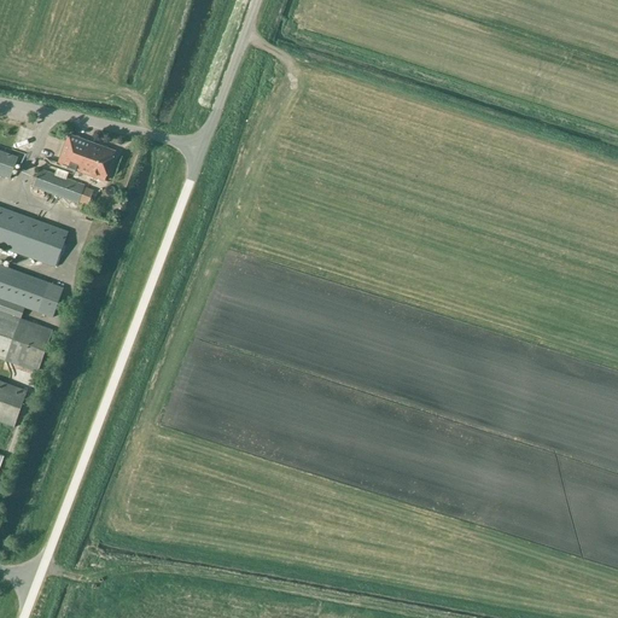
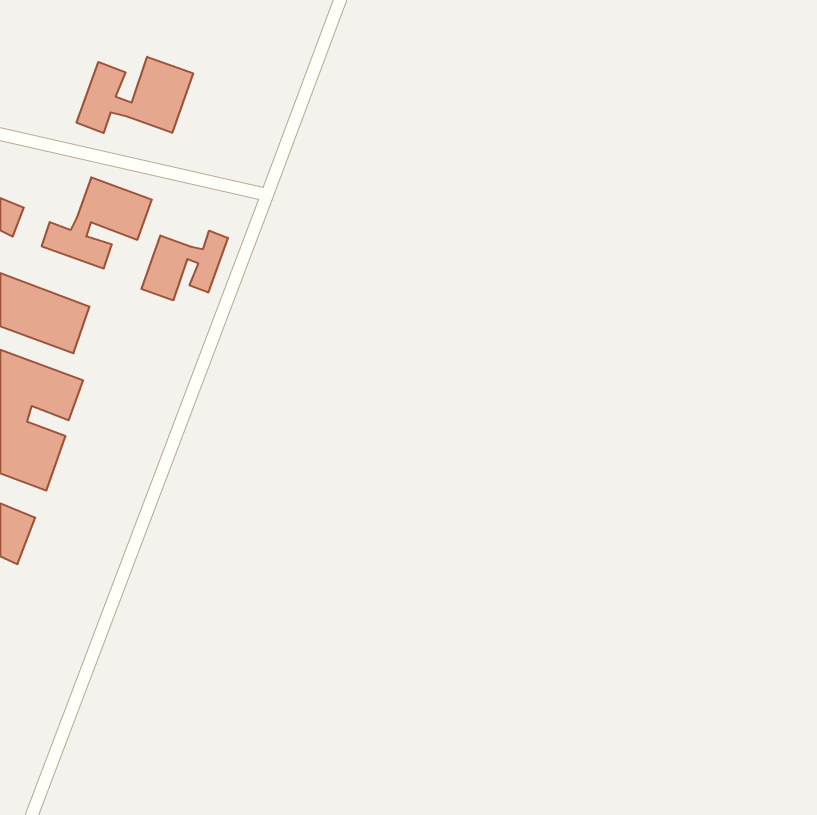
building: none -> [77,57,193,133]
building: none -> [141,231,228,300]

